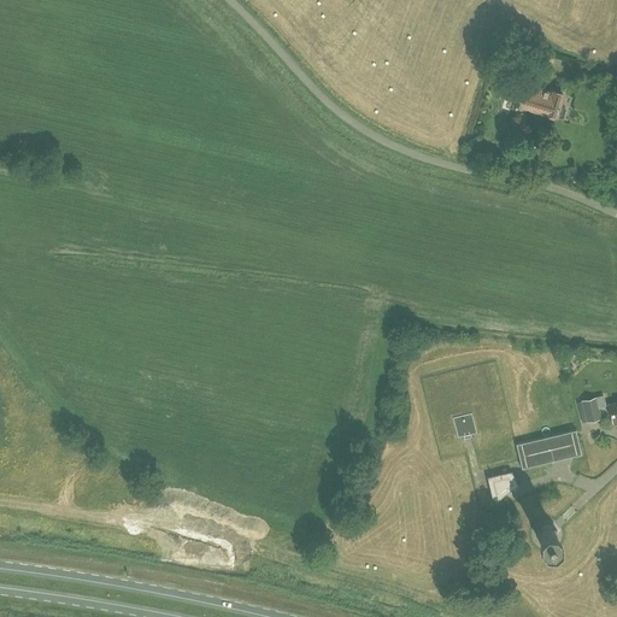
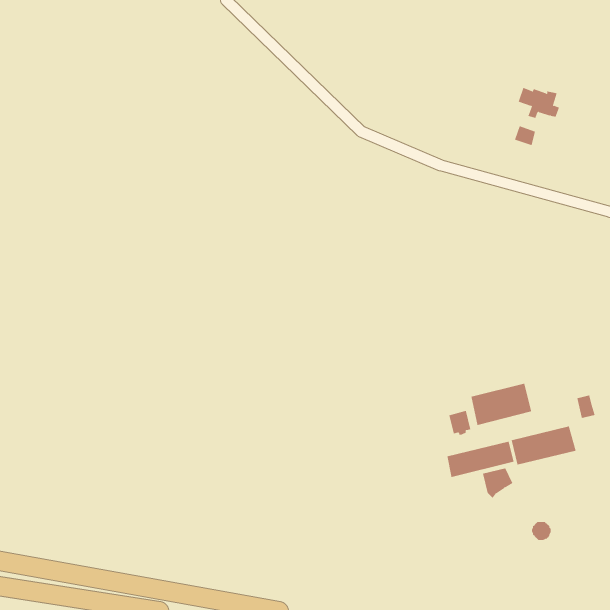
building: none -> [471,383,532,426]
building: none -> [447,441,514,478]

